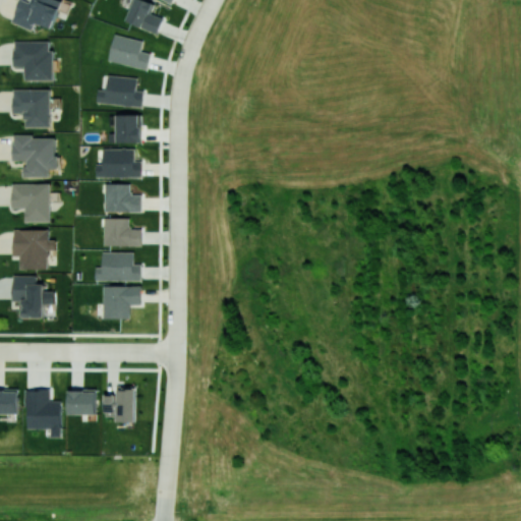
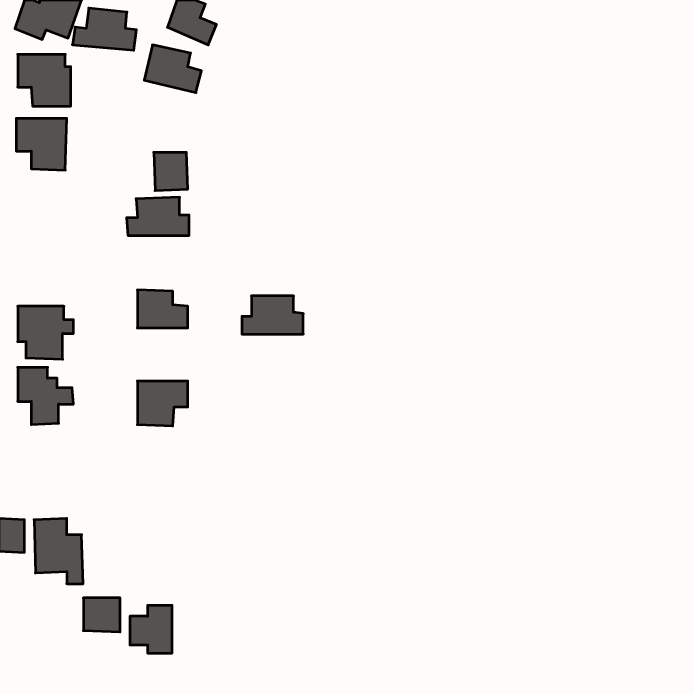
building: [96,75,143,107] -> [72,8,136,50]
building: [12,136,56,177] -> none
building: [104,183,141,213] -> none
building: [11,184,50,222] -> none
building: [95,252,140,281] -> [242,296,303,334]
building: [104,387,135,422] -> [130,605,172,653]
building: [68,390,96,415] -> [83,598,120,632]

